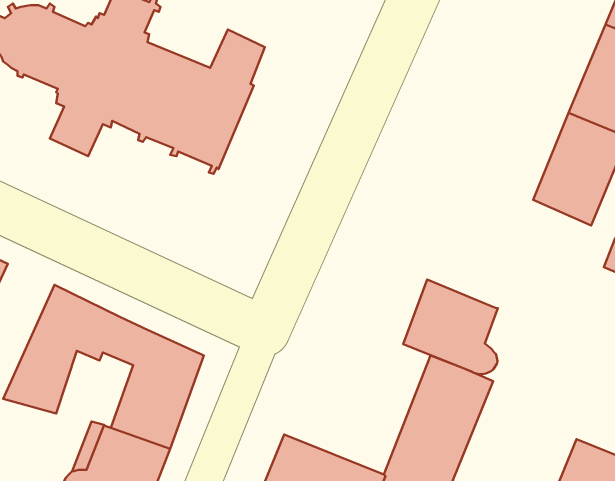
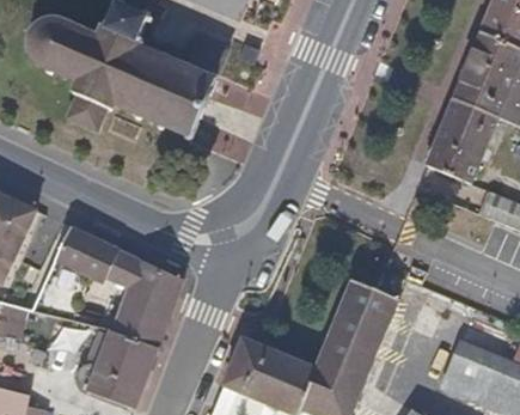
building: [403,279,498,374] -> none

